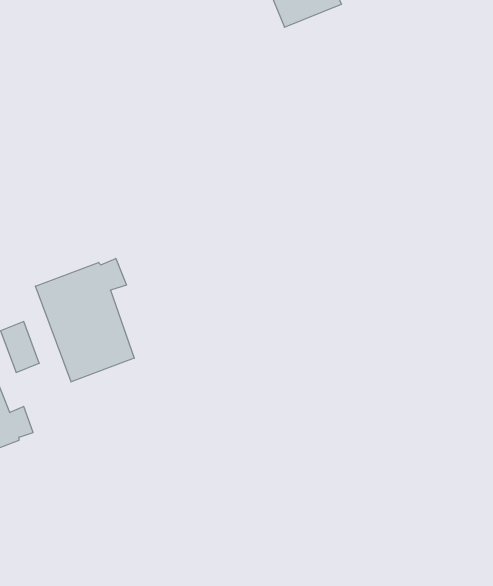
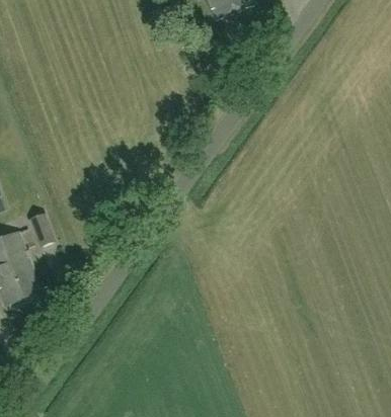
building: [35,258,134,382] -> none

